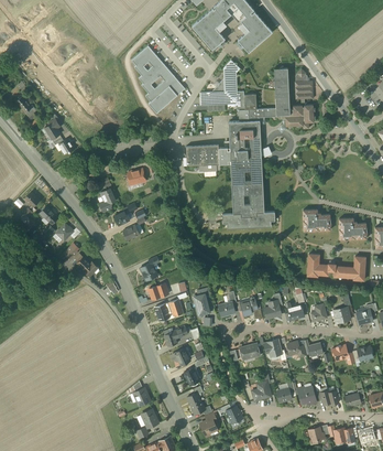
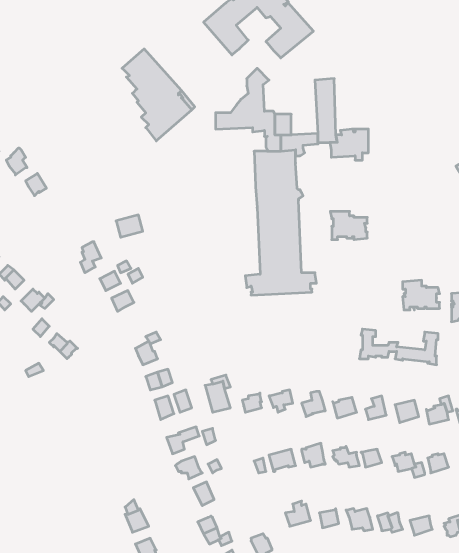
building: [295,68,314,107] -> none
building: [186,144,231,170] -> none
building: [303,210,330,230] -> [330,211,367,240]

